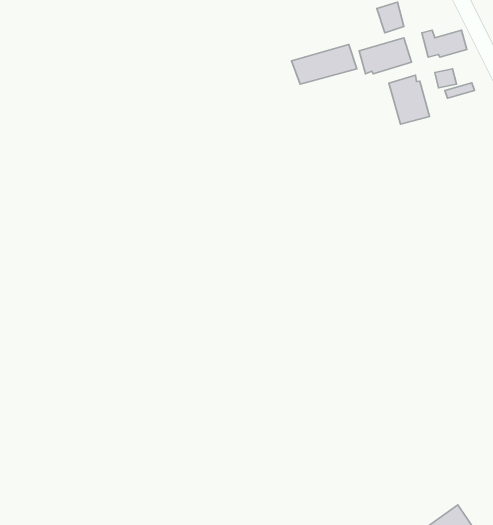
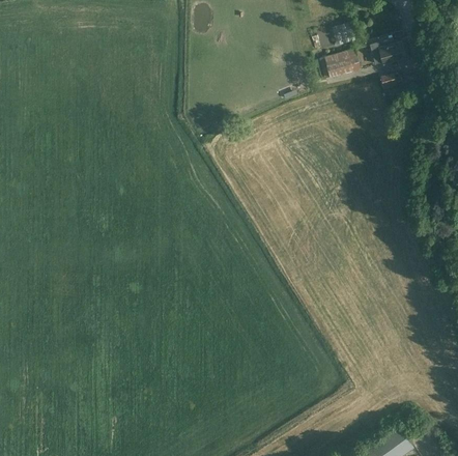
building: [291,45,357,84] -> none
building: [389,75,429,124] -> none

